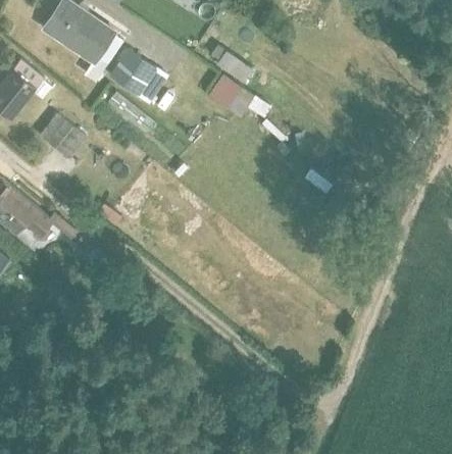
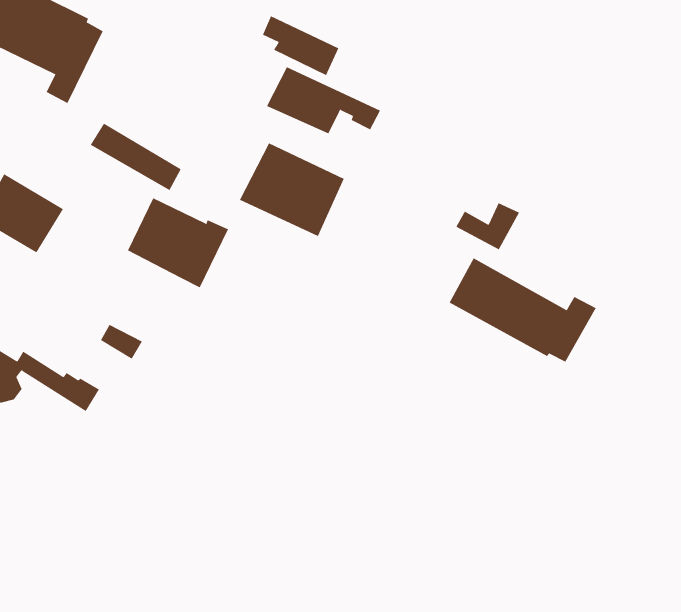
building: [109,49,167,103] -> [127,197,229,288]
building: none -> [239,143,345,237]
building: none -> [449,257,597,363]

